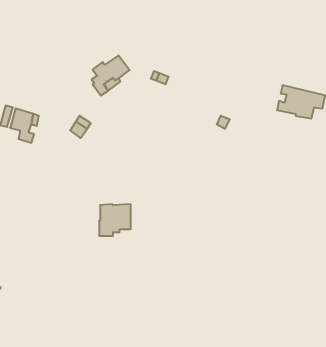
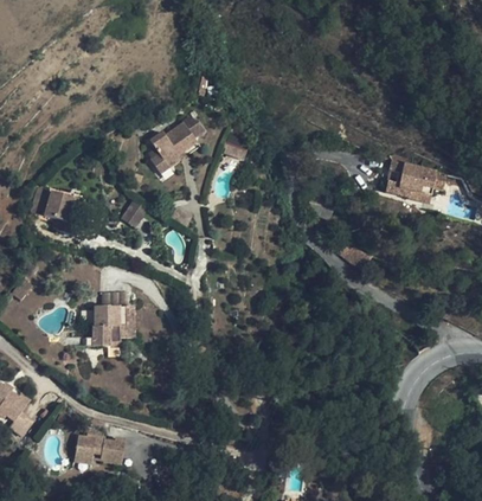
building: [99,204,131,236] -> [92,306,133,346]
building: none -> [75,433,124,462]

